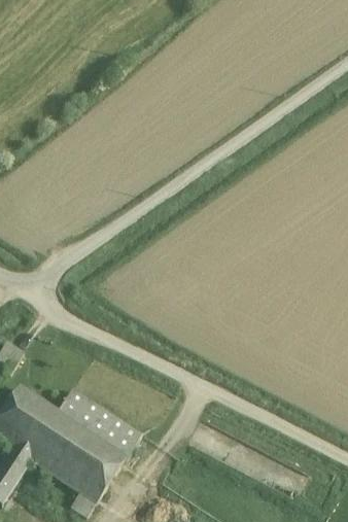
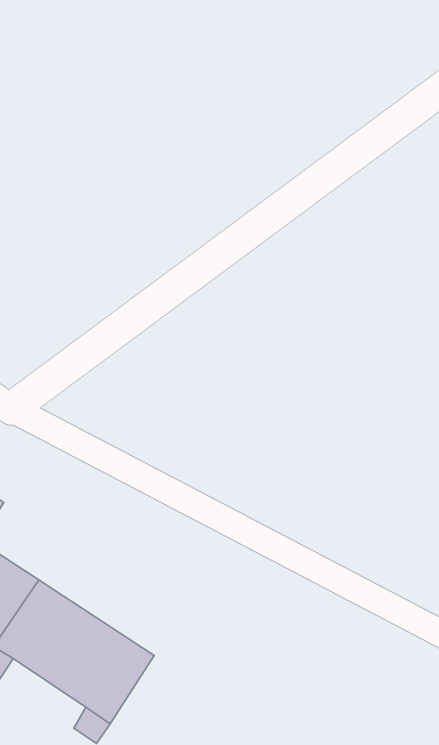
building: [57,387,142,457] -> none

